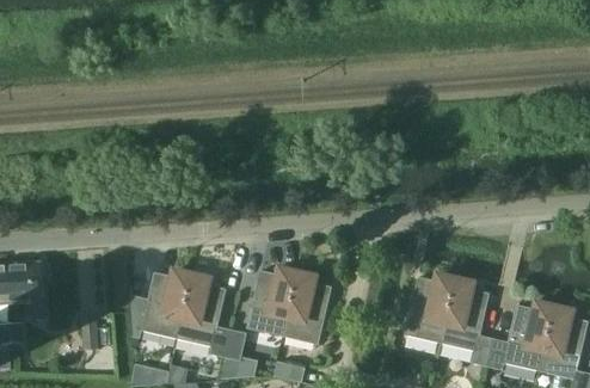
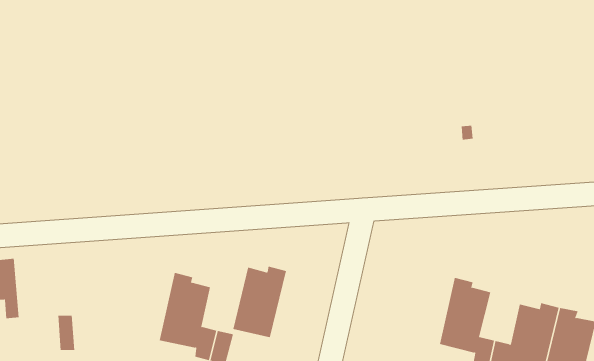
building: [129,270,191,338] -> none
building: [282,272,332,344] -> none
building: [404,275,455,341] -> none

